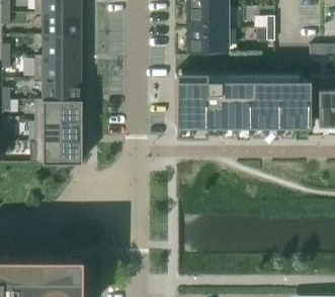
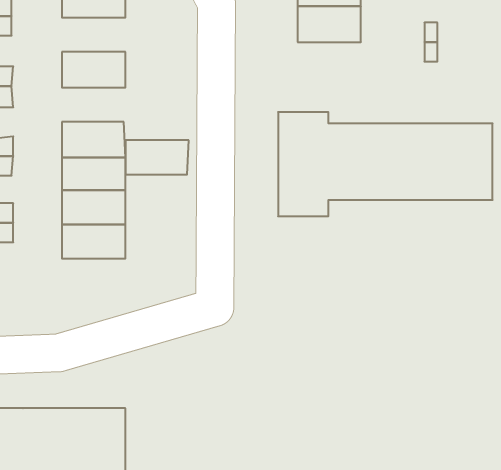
building: [41,14,81,35] -> none
building: [188,29,228,53] -> none
building: [41,58,81,79] -> [125,140,189,175]

